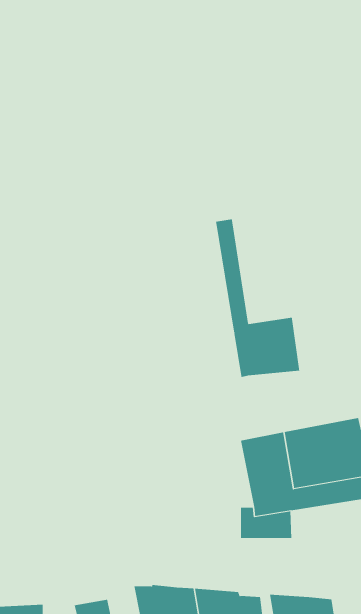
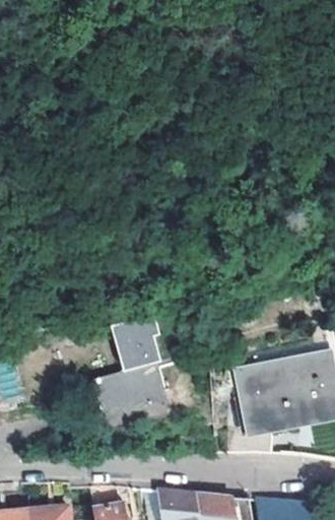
building: [216,219,300,378] -> none
building: none -> [93,318,169,408]

